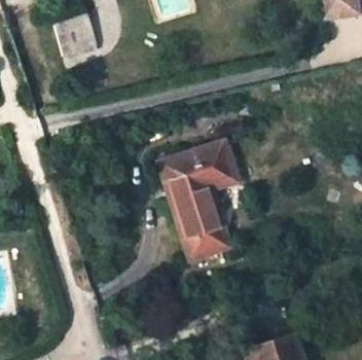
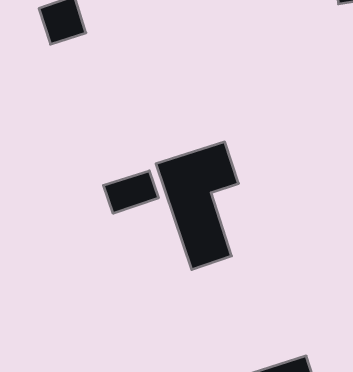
building: none -> [103,171,158,213]

